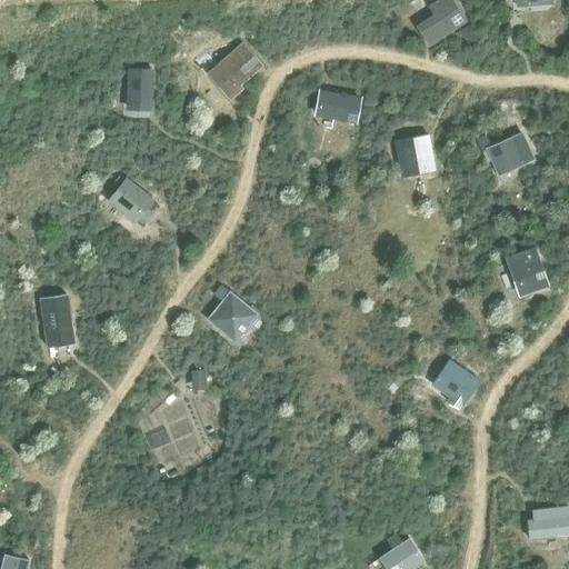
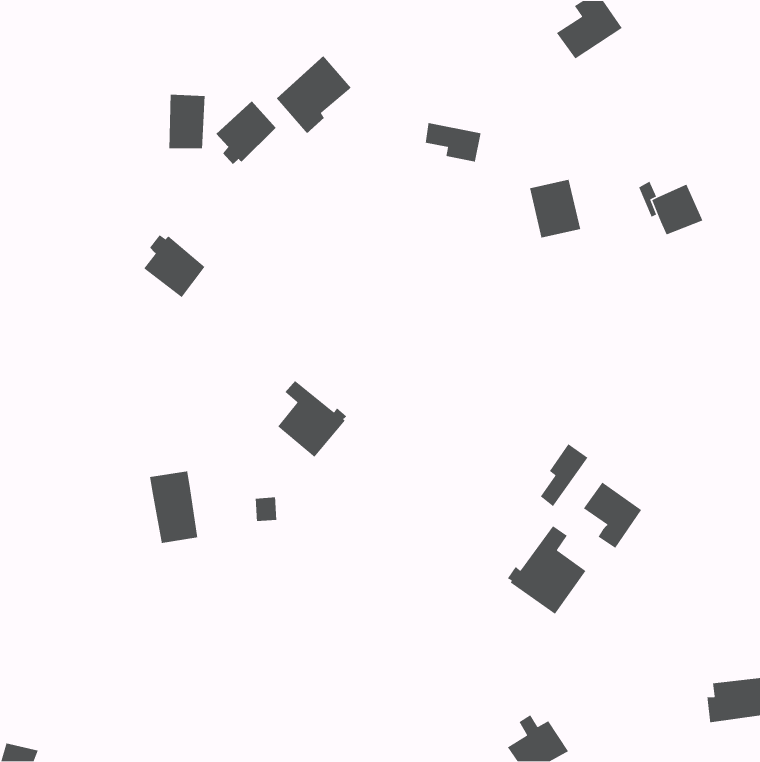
building: none -> [215,100,277,165]
building: [506,248,549,296] -> none
building: [39,293,76,348] -> [149,471,198,544]
building: none -> [540,443,588,507]
building: none -> [507,525,586,615]

